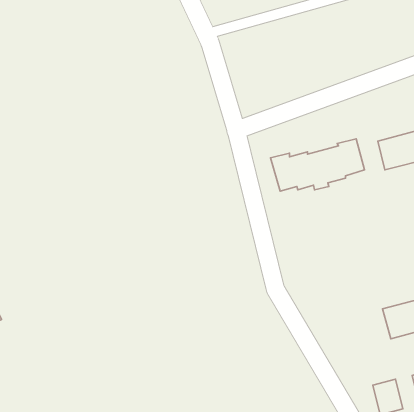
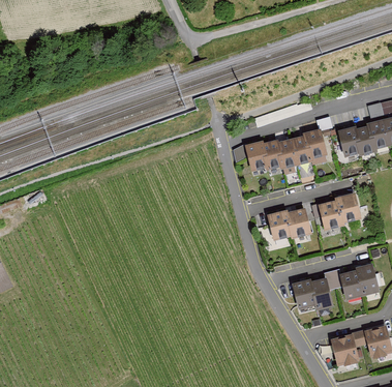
building: none -> [320,197,362,230]
building: none -> [270,209,311,242]
building: none -> [293,280,333,311]

